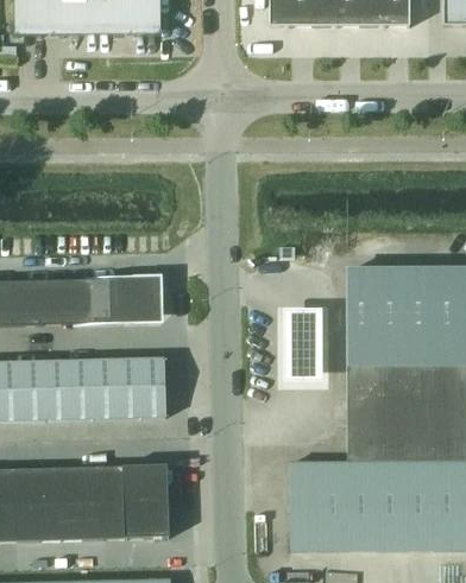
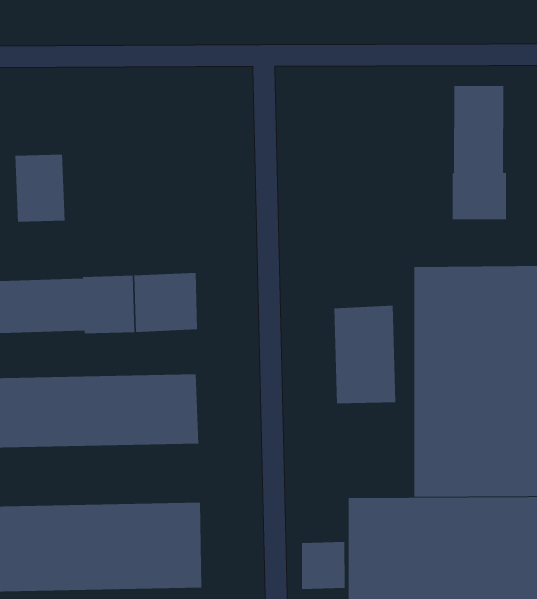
building: none -> [452,85,506,220]
building: none -> [15,154,65,223]
building: none -> [301,541,345,590]

